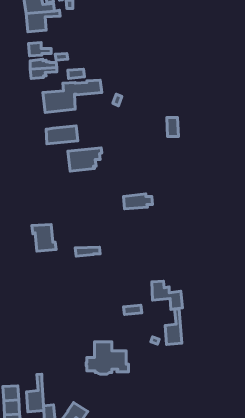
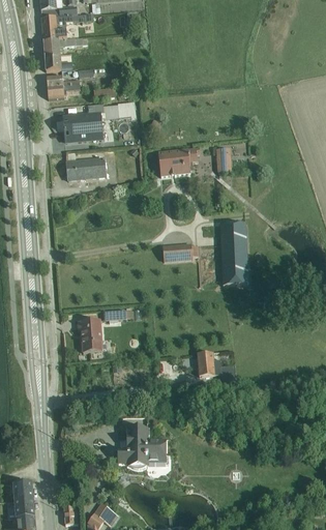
building: none -> [43,36,87,55]
building: [68,148,102,171] -> [157,147,200,176]
building: none -> [219,222,248,284]
building: [32,225,56,251] -> [77,319,107,352]
building: [165,309,182,344] -> none
building: [27,374,44,412] -> none

